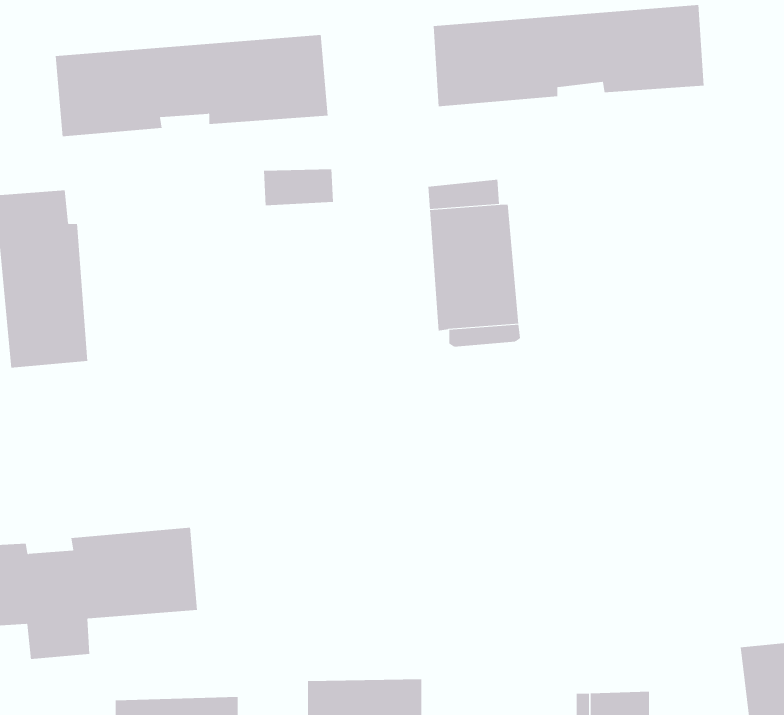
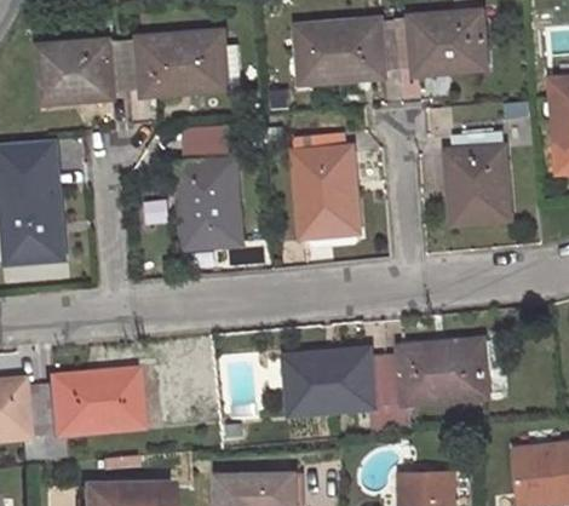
building: none -> [449,131,510,222]
building: none -> [180,161,241,246]
building: none -> [287,338,499,431]

